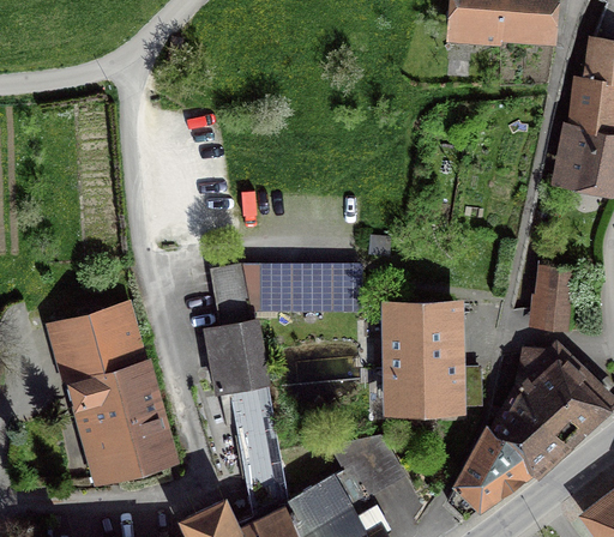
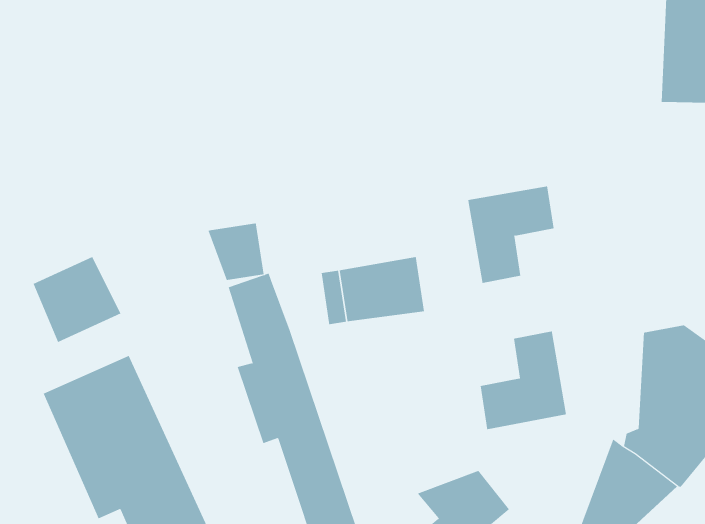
building: none -> [33,256,121,343]
building: [541,265,573,330] -> none
building: [245,266,283,307] -> [208,223,264,280]
building: [391,304,455,372] -> [467,186,555,283]

